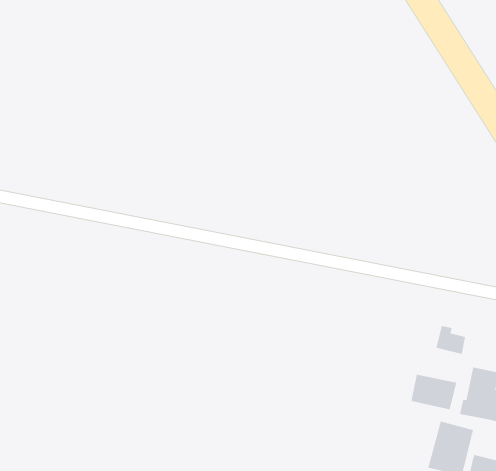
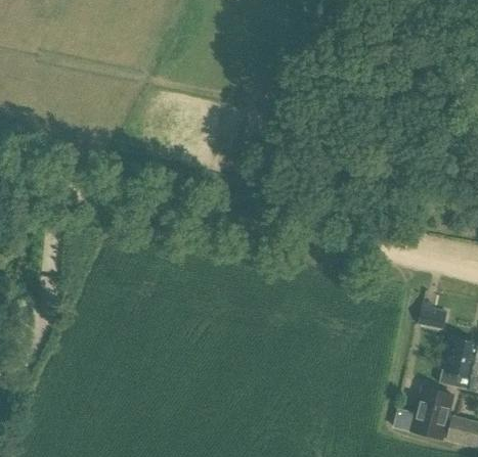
building: [411,374,457,410] -> none

